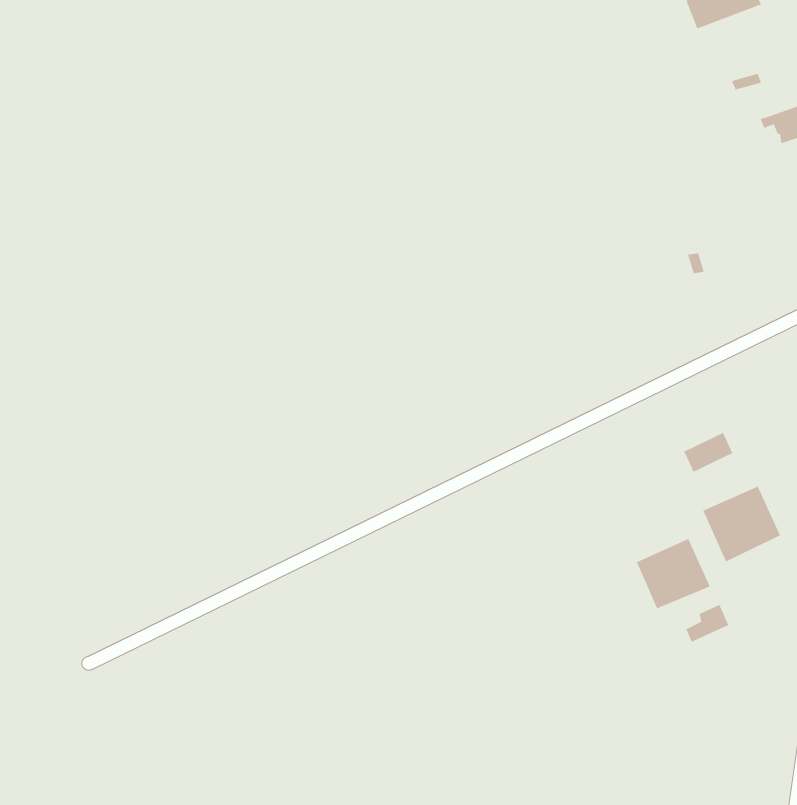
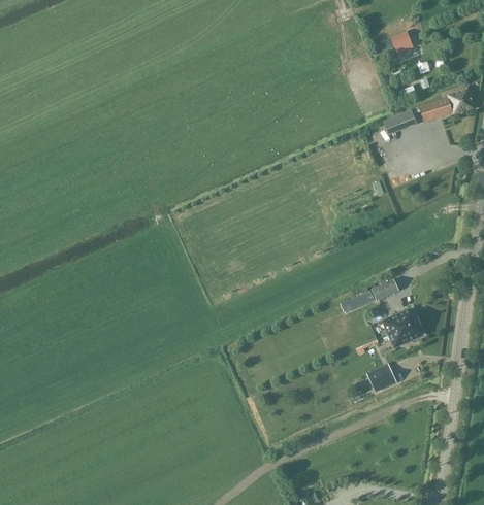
building: none -> [382,108,417,134]
building: [636,538,710,609] -> none

